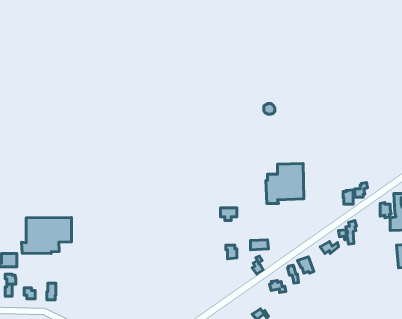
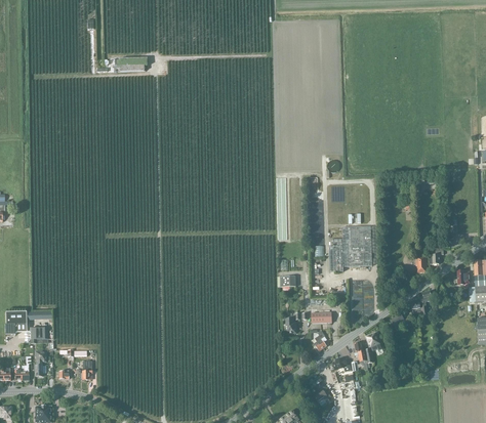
building: [22,218,72,253] -> none

